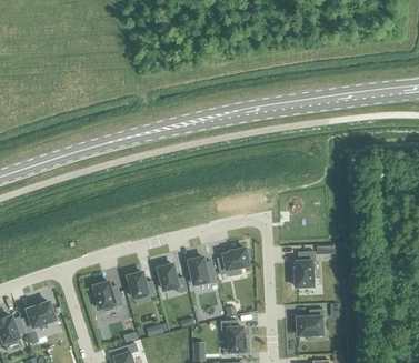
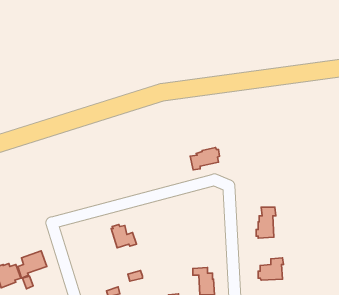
building: [217,249,250,274] -> [190,148,220,170]
building: [189,256,217,285] -> none
building: [159,264,188,293] -> none
building: [94,282,123,314] -> none

